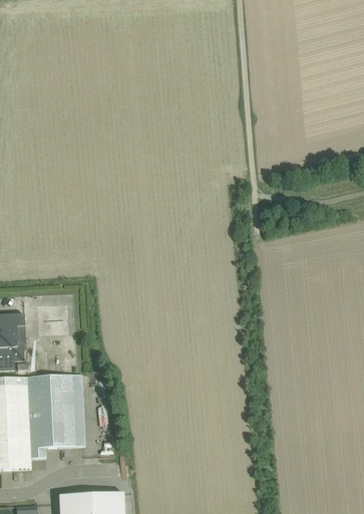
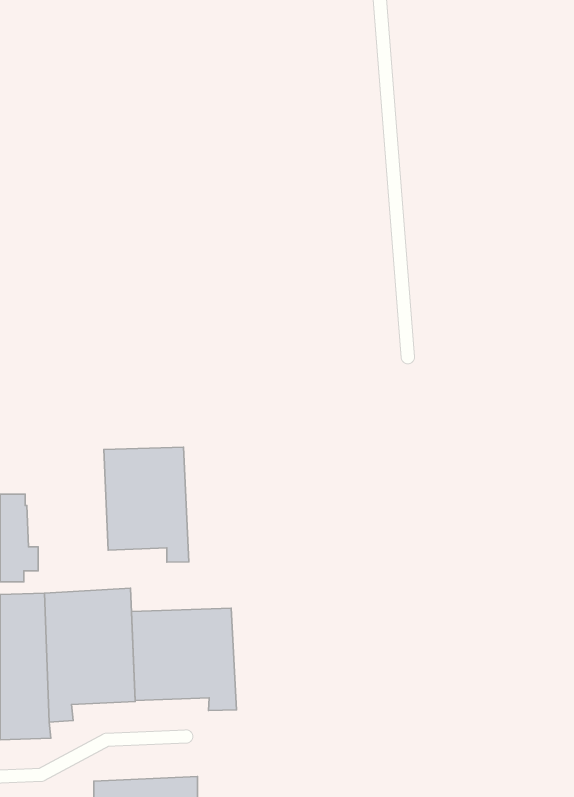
building: none -> [104,447,189,562]
building: none -> [131,608,236,710]

